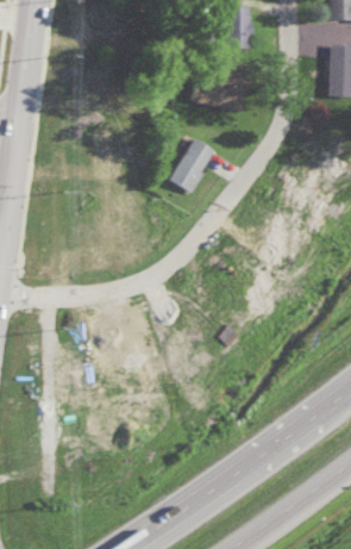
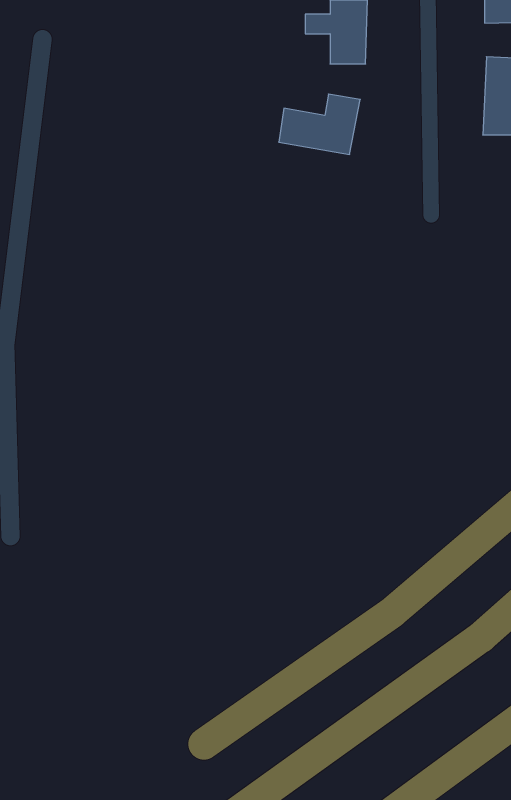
building: [168,136,215,191] -> none

